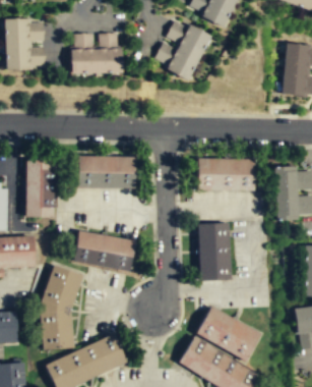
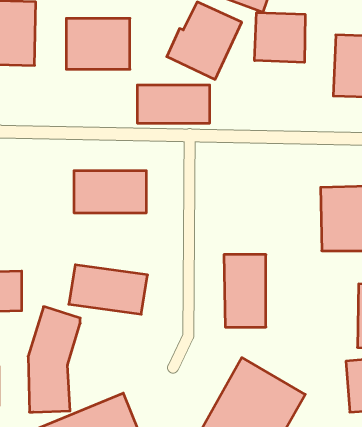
building: none -> [255,13,305,62]
building: [25,157,58,217] -> none
building: [198,160,256,190] -> [137,85,210,123]

